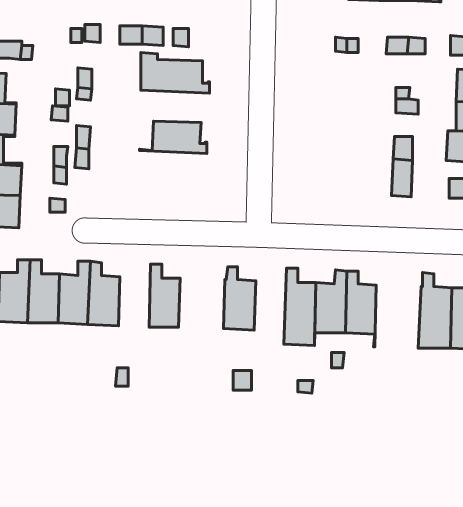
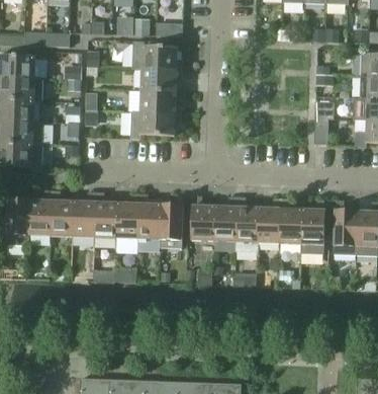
building: none -> [132,68,182,91]
building: none -> [130,111,180,139]
building: none -> [116,193,139,239]
building: none -> [160,194,183,247]
building: none -> [214,196,238,251]
building: none -> [301,200,324,254]

